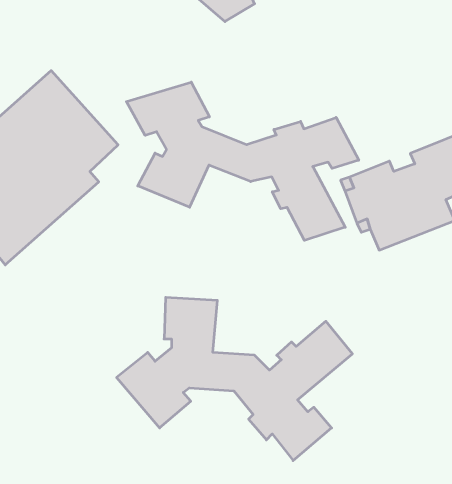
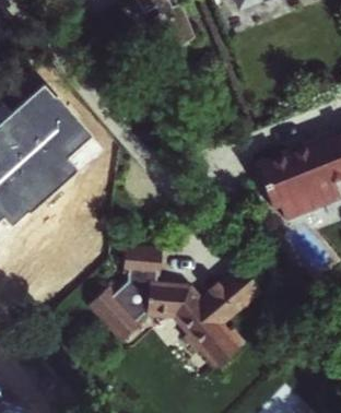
building: [126,82,359,240] -> none

